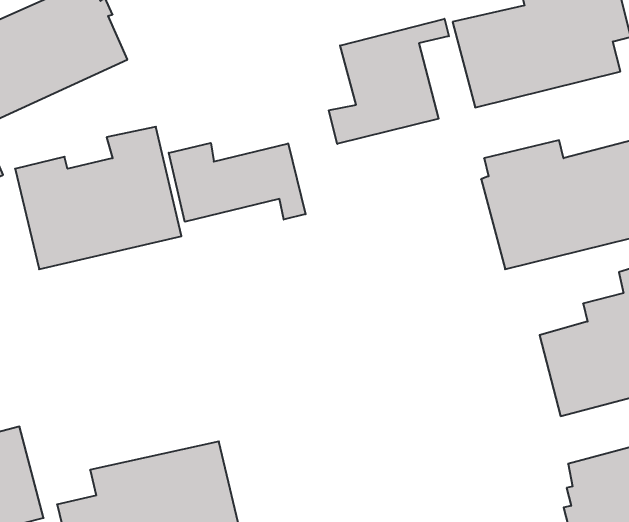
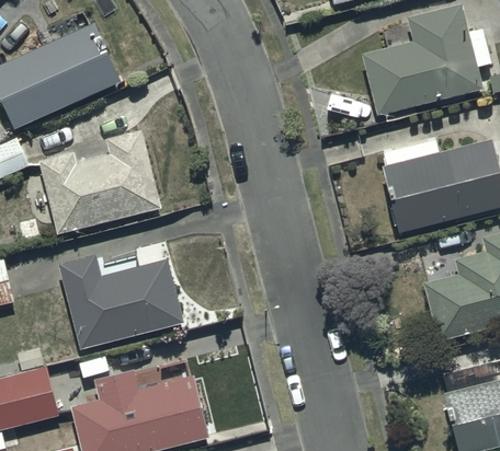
building: [329,19,449,144] -> none
building: [169,143,306,222] -> none
building: none -> [58,253,184,350]

